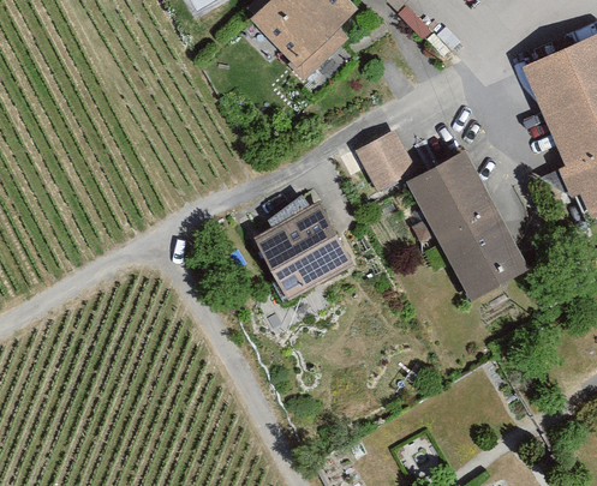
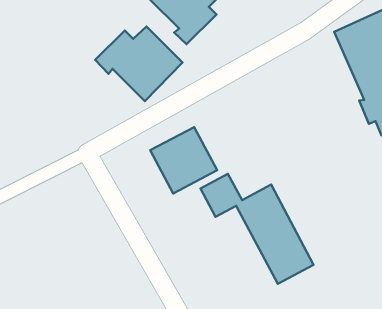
building: none -> [95,27,182,101]
building: [358,132,521,292] -> [201,174,313,284]

